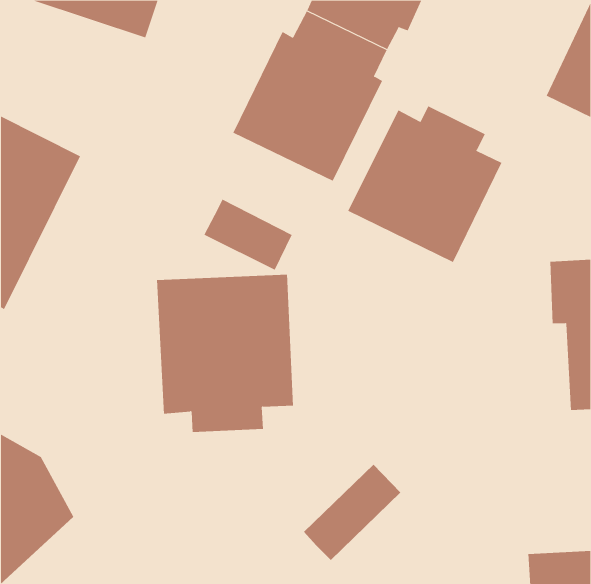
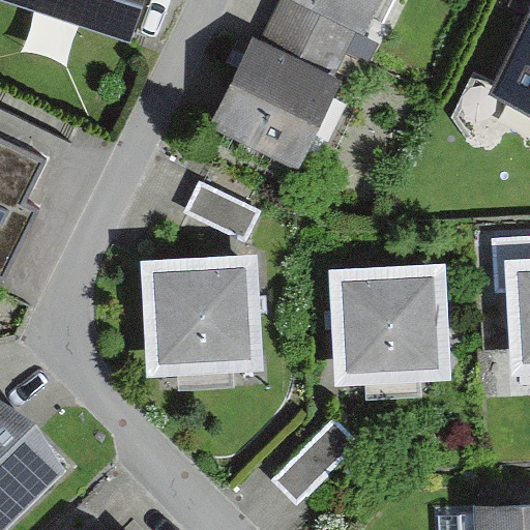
building: [347,105,502,263] -> none
building: none -> [329,261,452,403]

